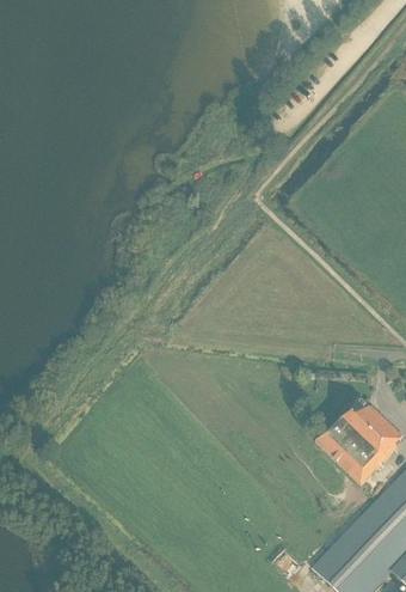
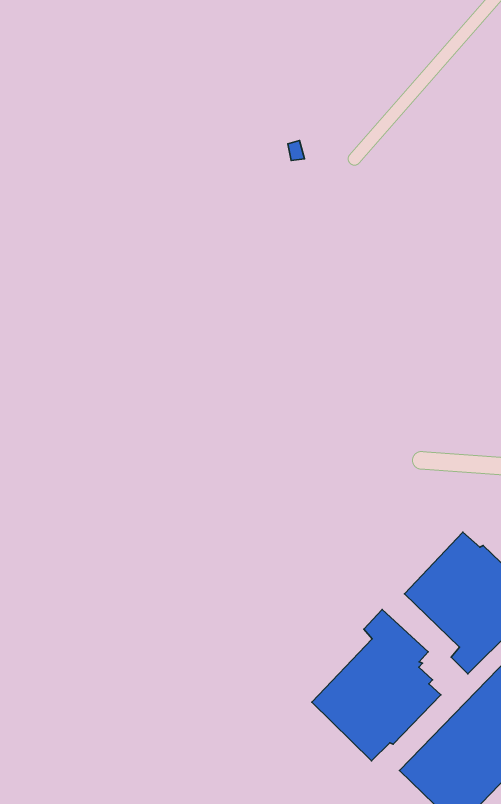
building: none -> [312,610,441,761]

